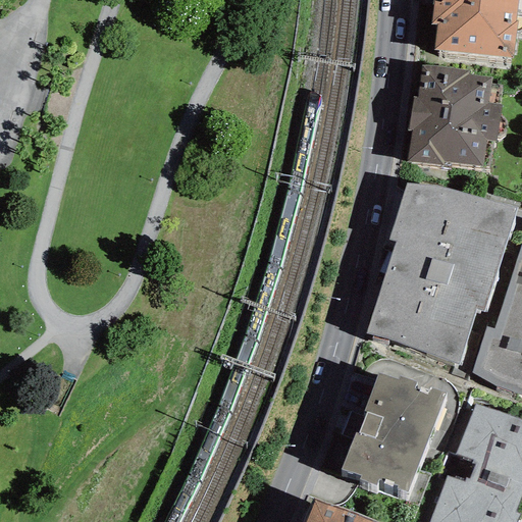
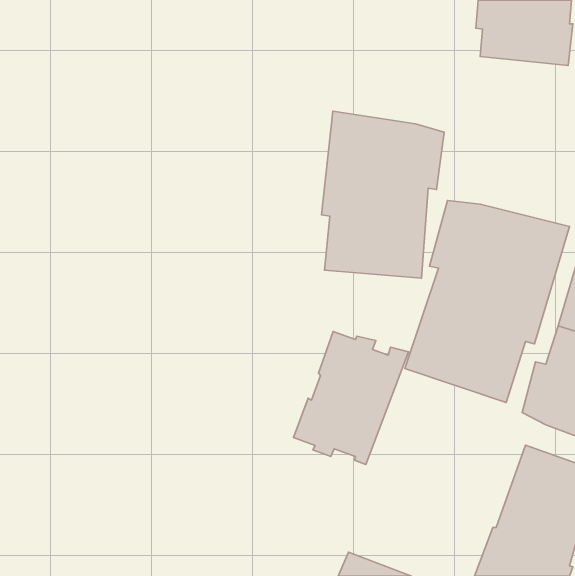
building: [408,65,503,166] -> none
building: none -> [321,111,444,278]
building: [343,373,447,493] -> [294,332,409,465]

